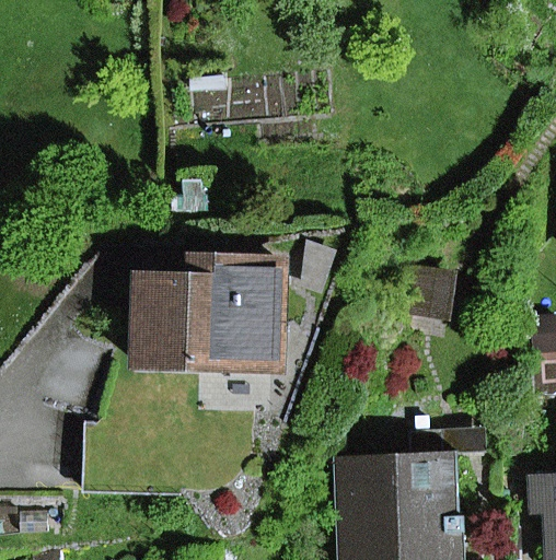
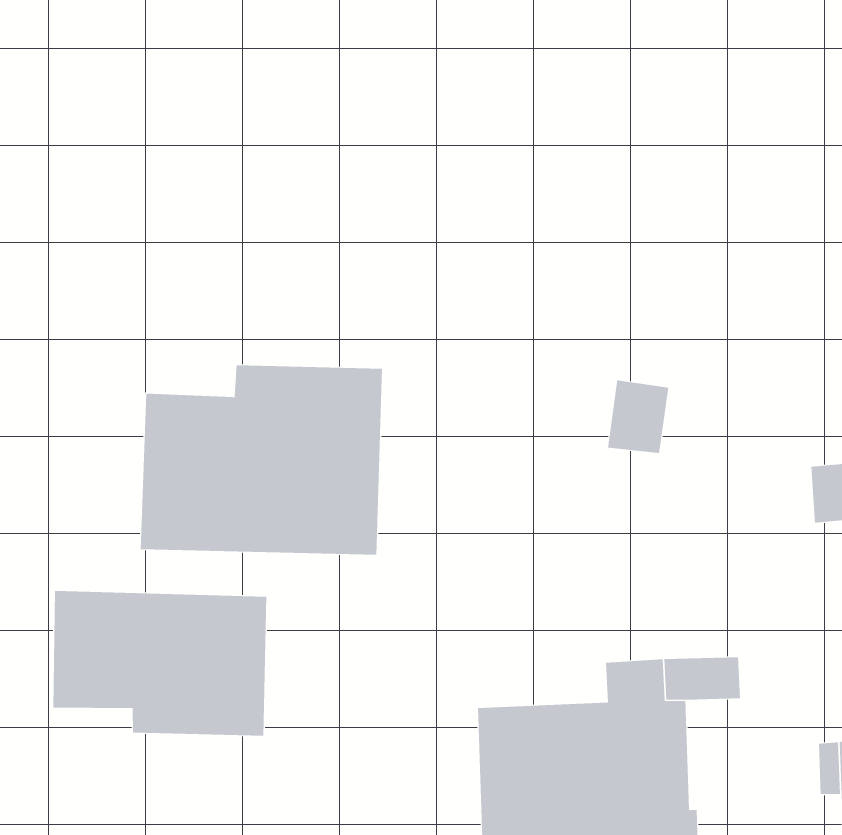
building: none -> [53,590,267,737]

